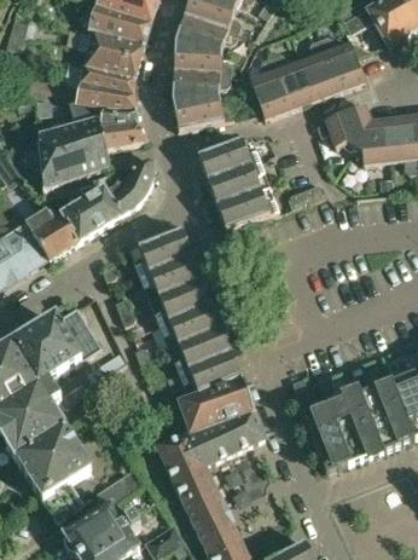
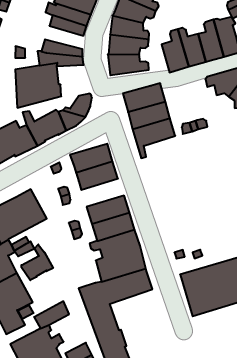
building: [64,60,134,93] -> none
building: [99,116,145,148] -> none
building: [149,278,211,323] -> none
building: none -> [21,244,53,280]

